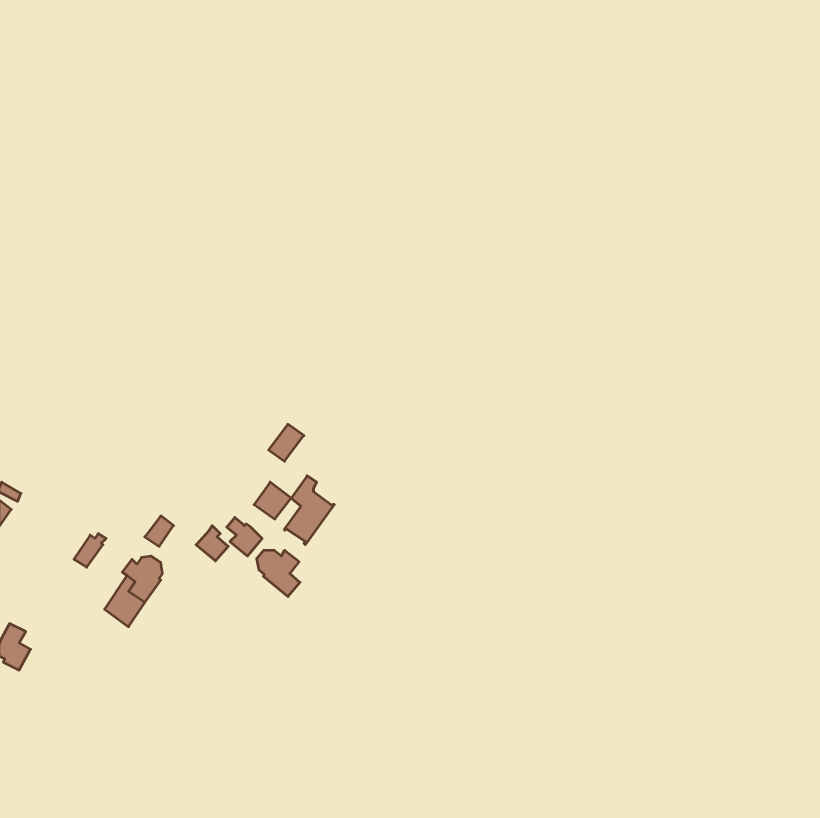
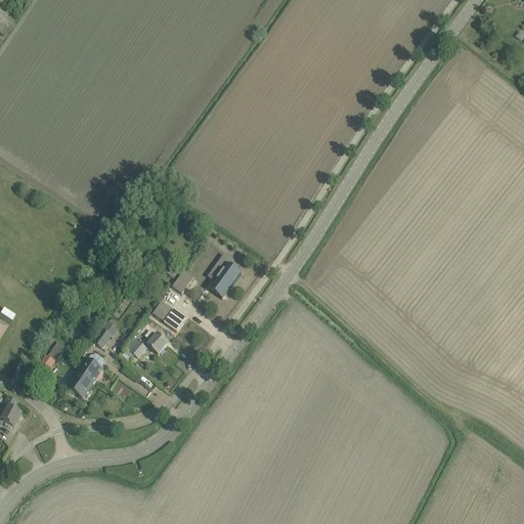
building: [285,476,334,545] -> [209,255,241,299]
building: [257,550,300,597] -> none

